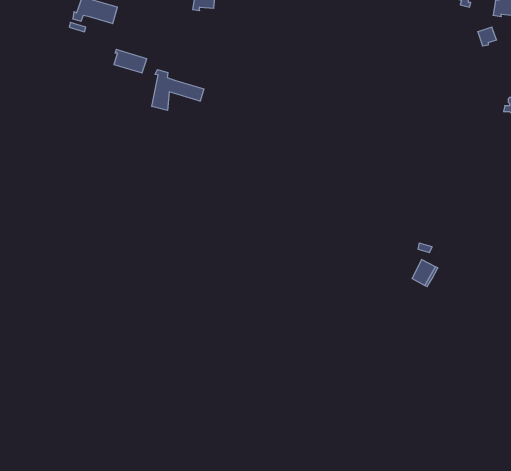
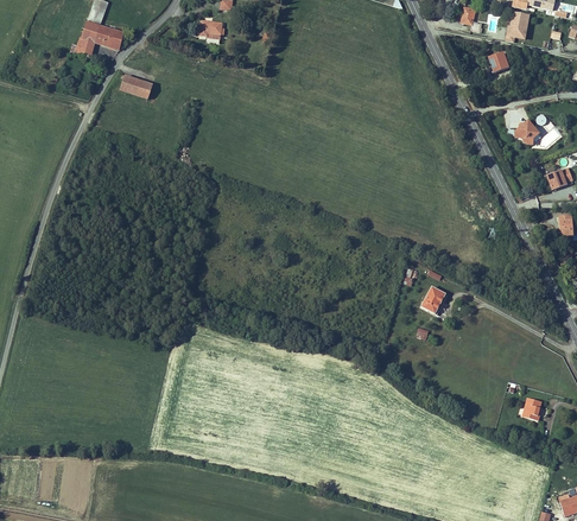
building: [152,70,204,110] -> none

